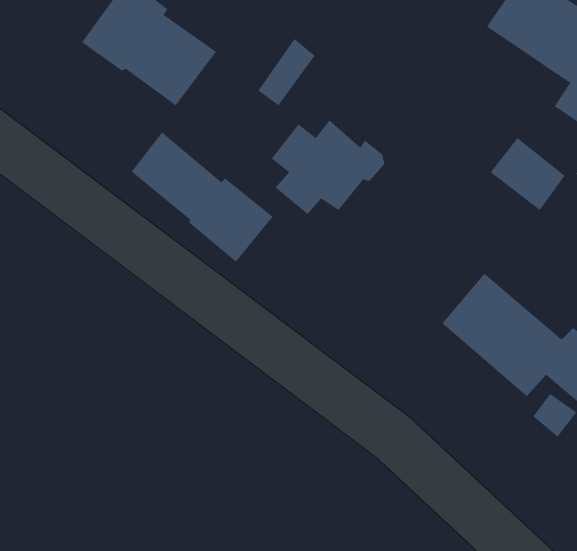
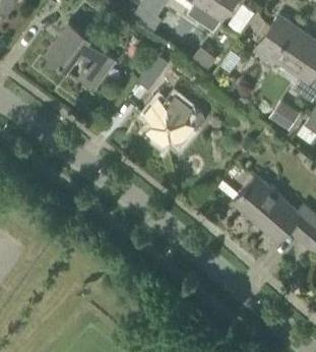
building: [131,132,274,262] -> none

